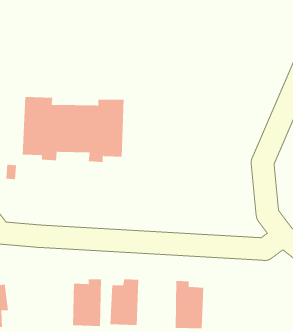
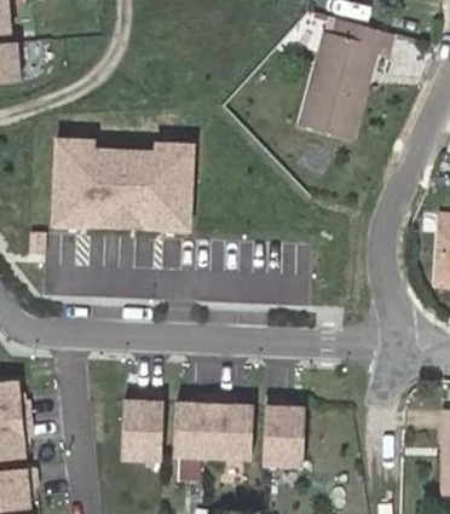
building: none -> [305,23,394,142]
building: none -> [210,394,250,460]

